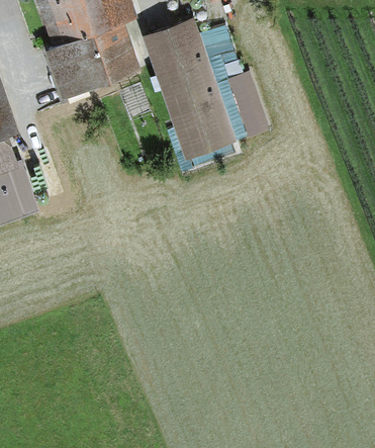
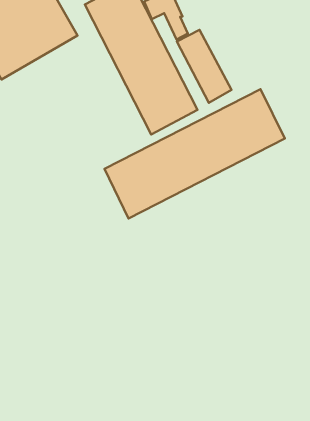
building: none -> [104,89,285,219]

